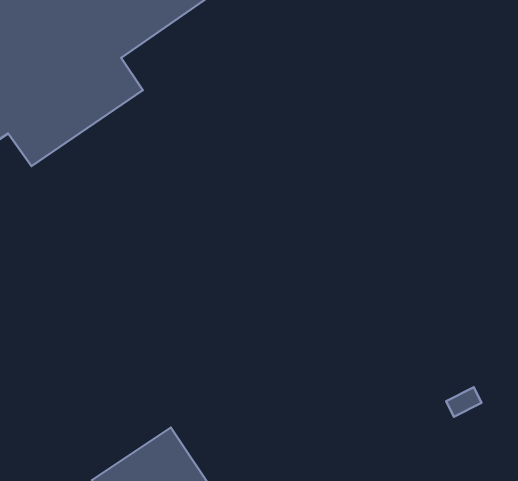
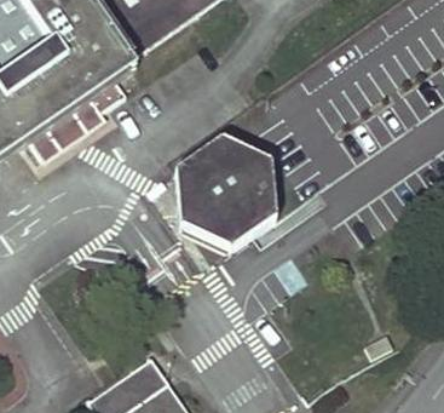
building: none -> [175,133,276,245]

